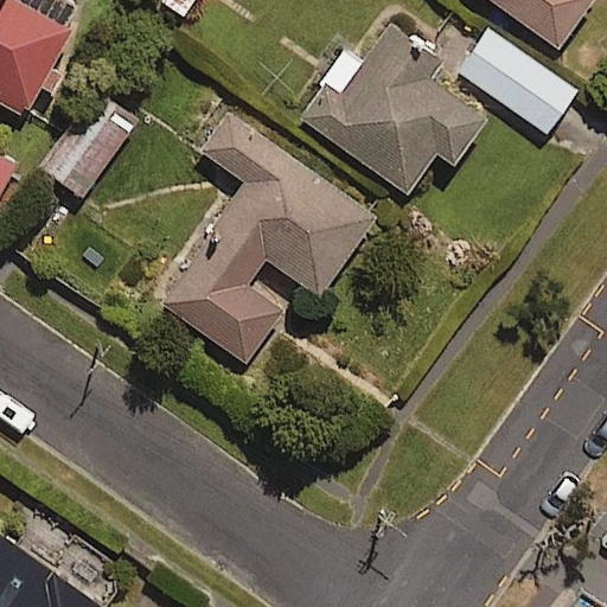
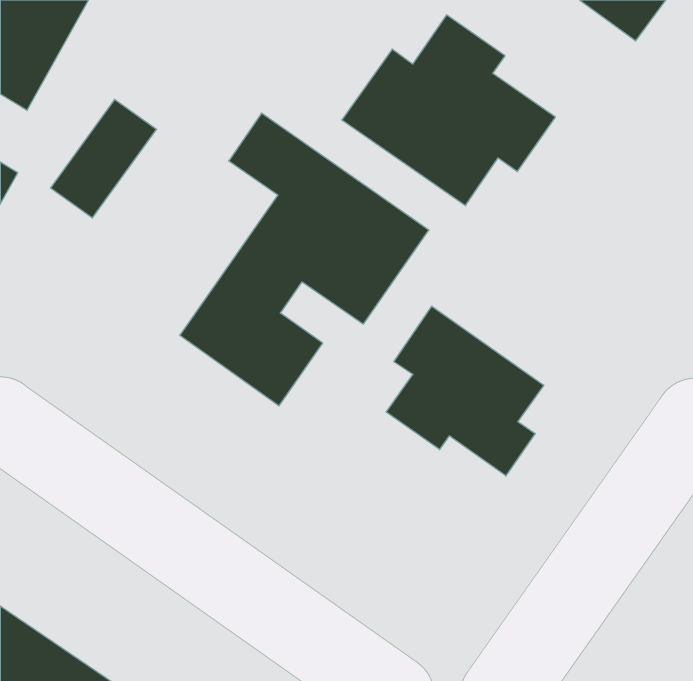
building: [458,31,576,136] -> none
building: none -> [386,306,544,476]

